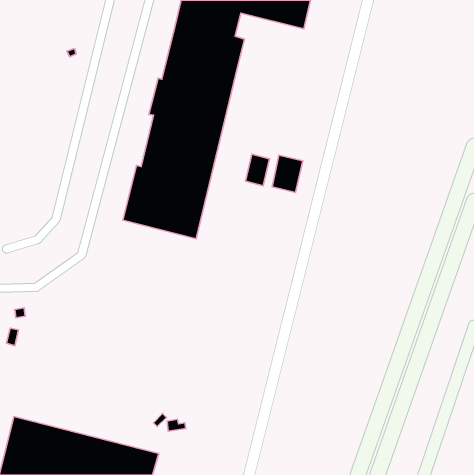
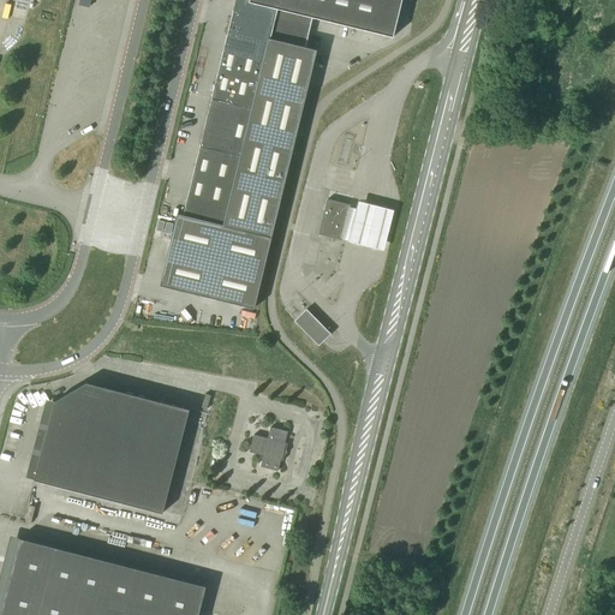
building: none -> [293,310,329,346]
building: none -> [34,382,189,513]
building: none -> [249,428,286,471]

